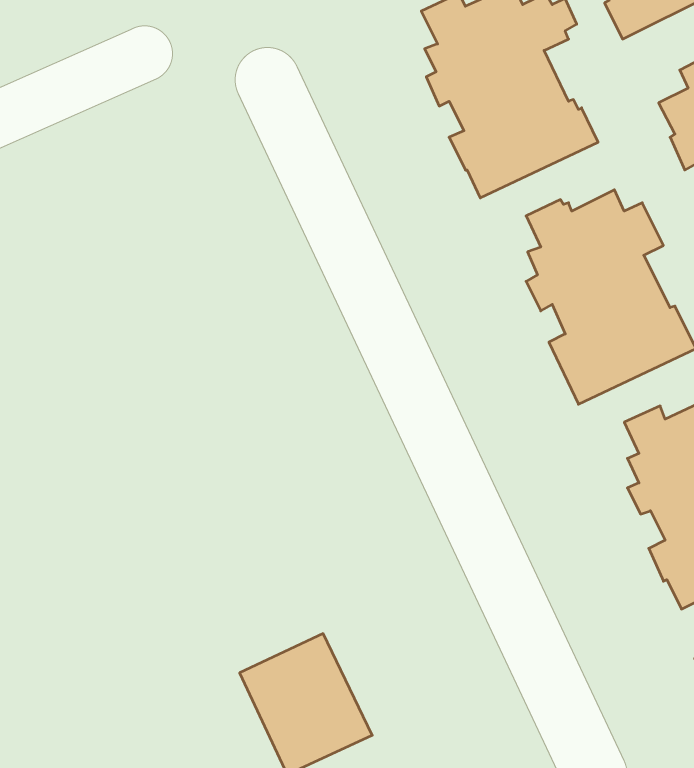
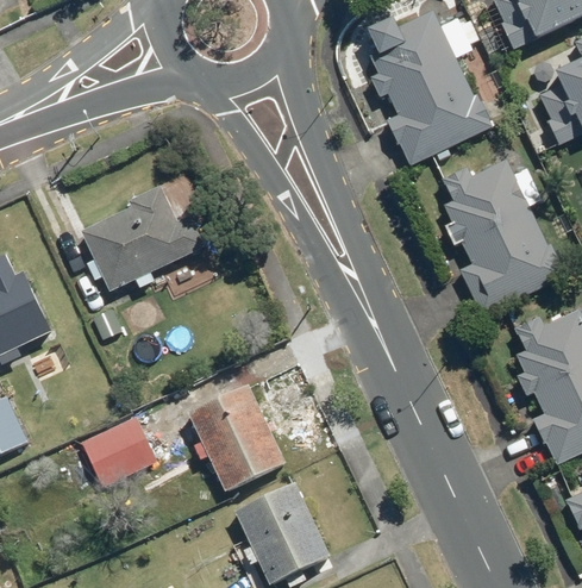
building: none -> [81,183,206,292]
building: none -> [187,383,286,490]
building: none -> [79,415,157,487]

